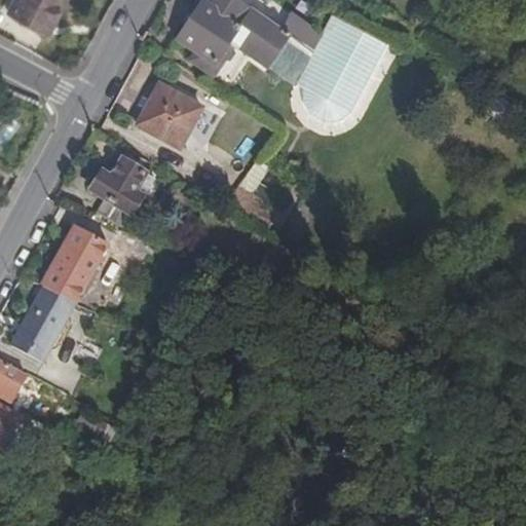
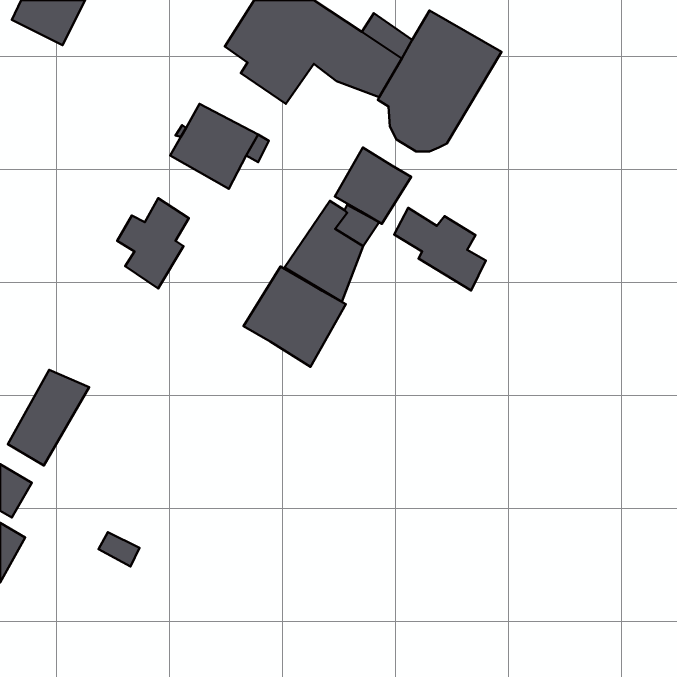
building: none -> [335,148,411,224]
building: none -> [394,208,486,290]
building: none -> [243,266,346,367]
building: [40,228,104,301] -> none

